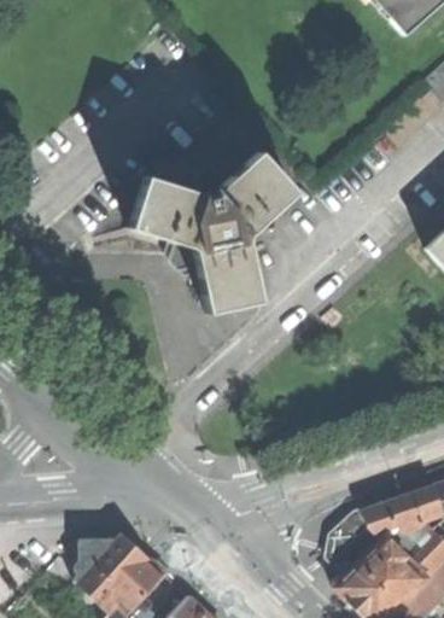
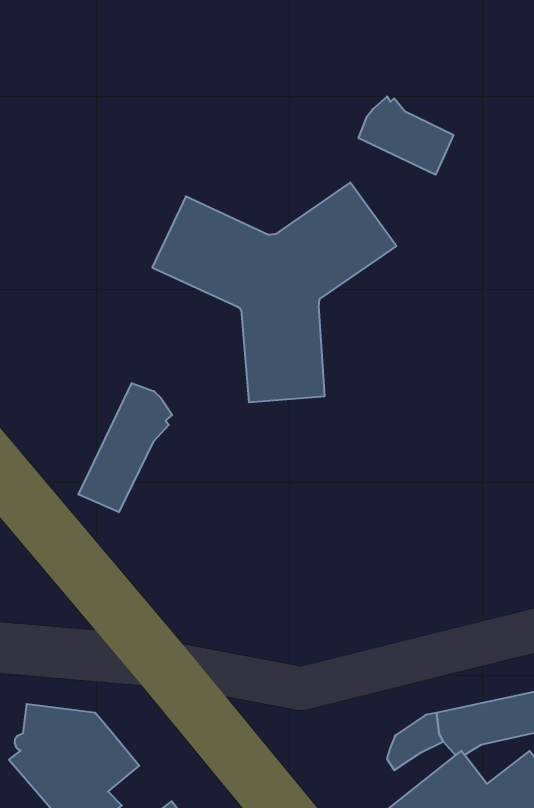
building: none -> [358,96,453,175]
building: none -> [78,383,172,512]

